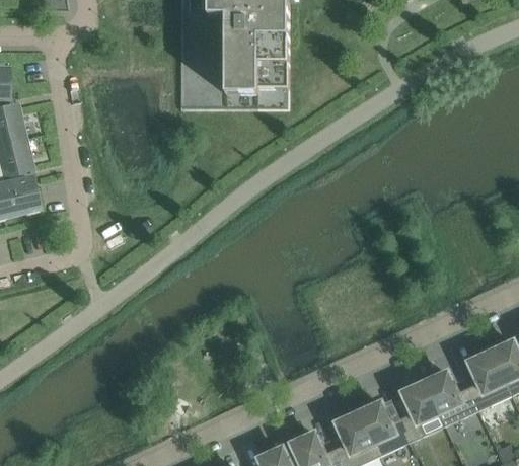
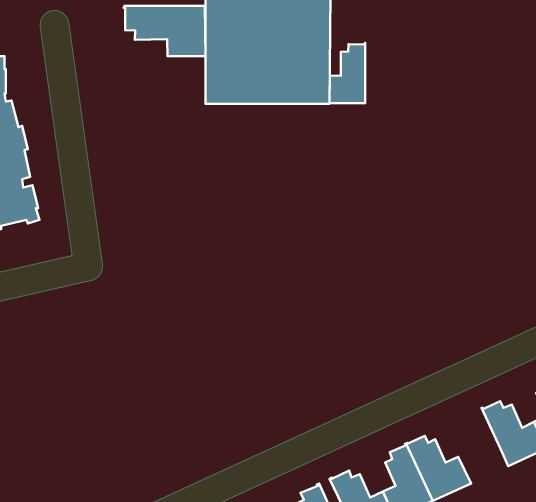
building: none -> [124,6,205,56]
building: none -> [330,43,365,103]
building: [402,375,446,441] -> none

